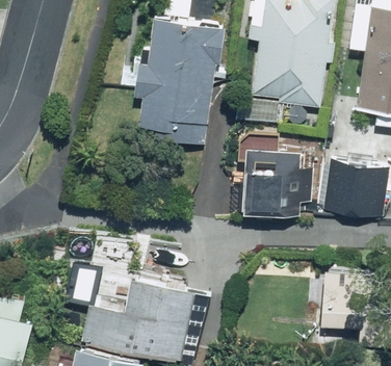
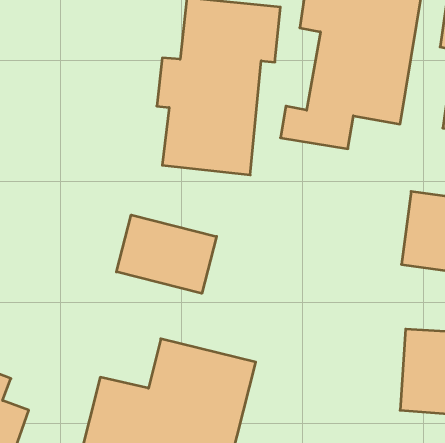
building: [240,147,313,219] -> none
building: none -> [116,215,217,293]

